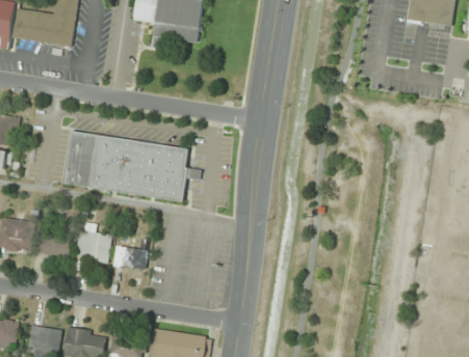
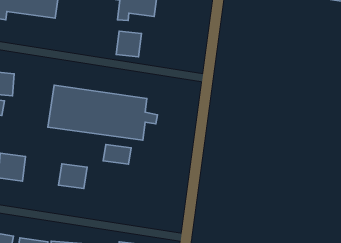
building: none -> [116,31,142,57]
building: [36,234,70,256] -> none
building: [112,245,148,270] -> [103,145,131,164]

